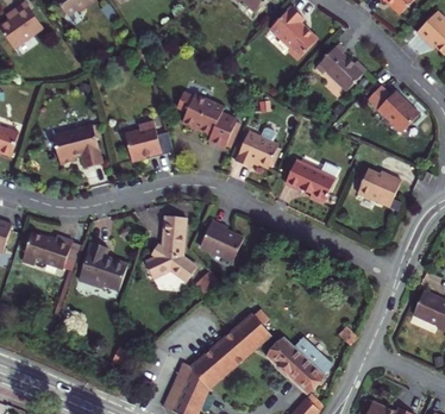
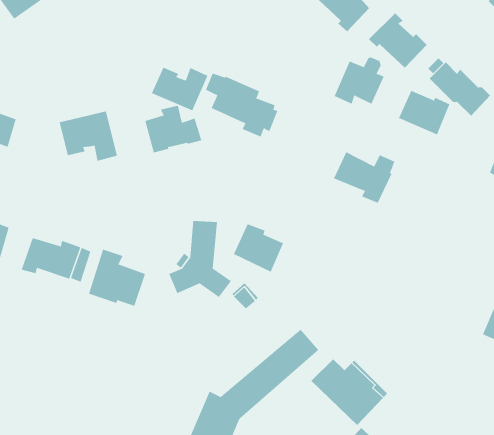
building: none -> [151,67,208,111]
building: [236,127,278,168] -> [334,57,384,105]
building: [357,168,401,206] -> [398,90,450,135]

